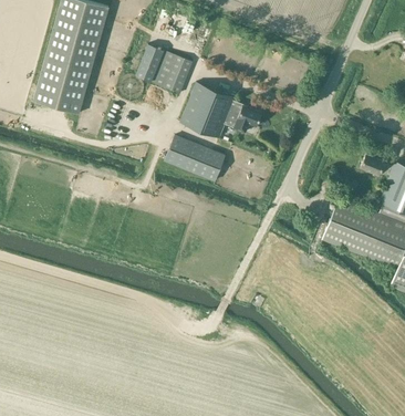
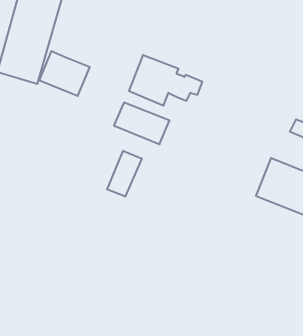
building: [136,44,193,94] -> [39,51,90,96]
building: none -> [107,151,142,197]

